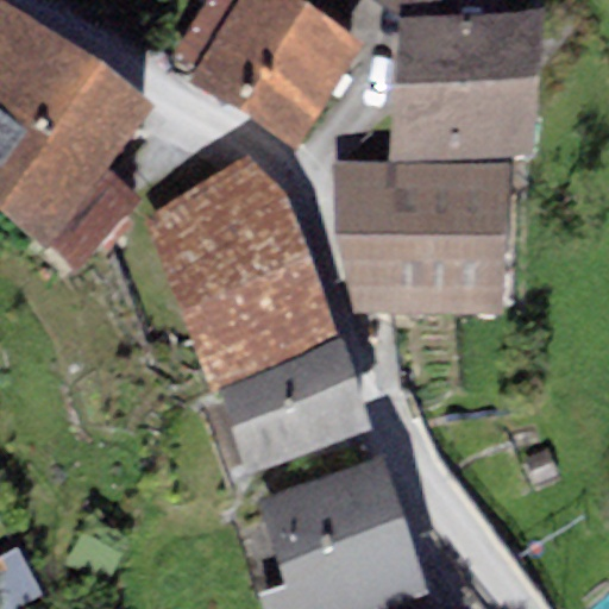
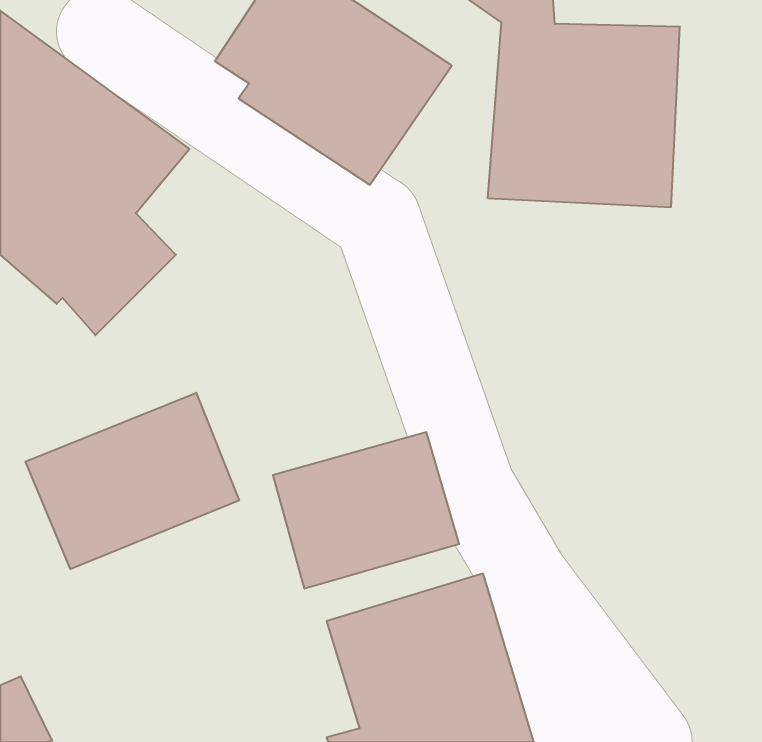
building: [143,155,337,378] -> none
building: [333,157,508,322] -> none
building: none -> [25,393,239,569]

